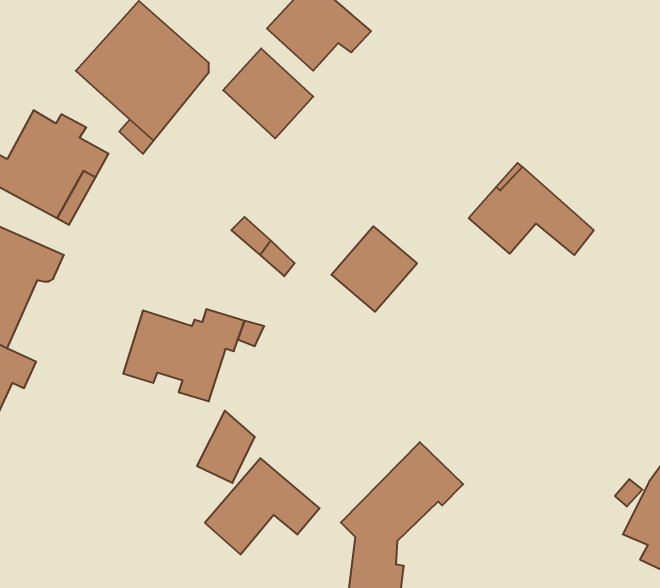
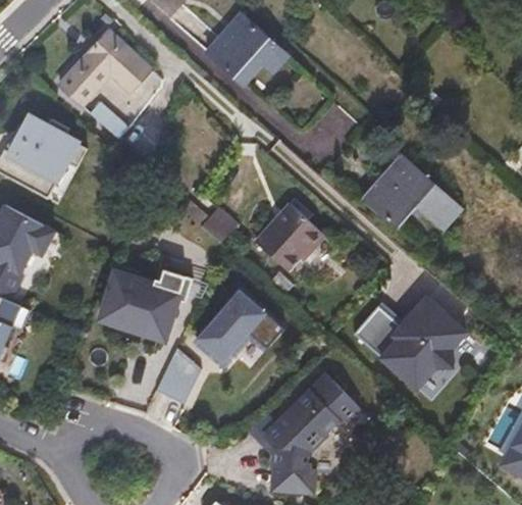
building: [223,48,313,138] -> none
building: none -> [356,300,465,385]
building: [205,458,320,554] -> [196,286,284,360]

